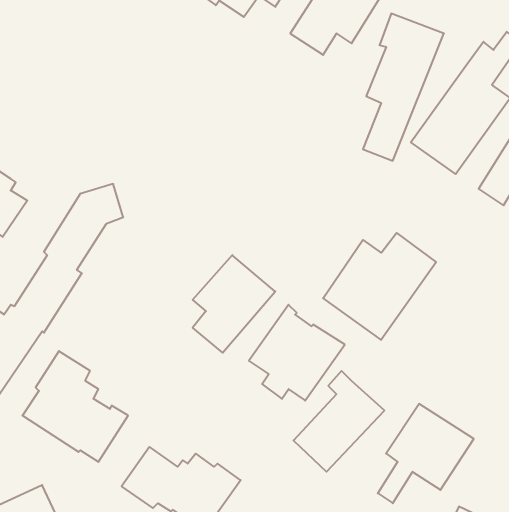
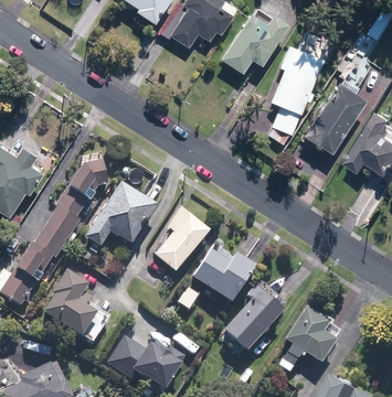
building: none -> [85,181,156,246]
building: [323,233,436,340] -> none

